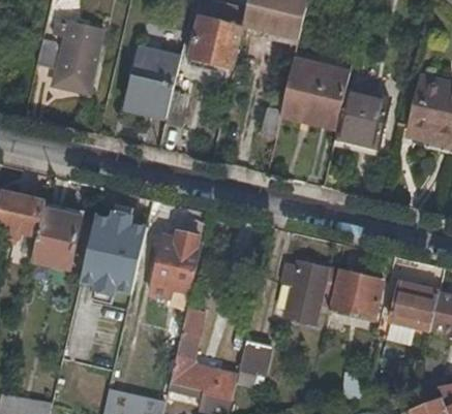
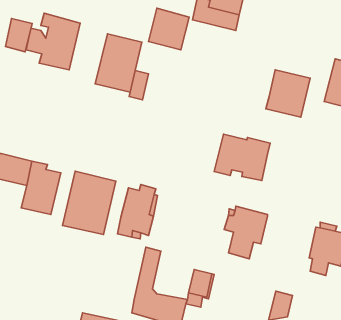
building: none -> [5,19,32,52]
building: [279,64,349,122] -> [214,134,270,181]
building: [327,270,381,318] -> none

